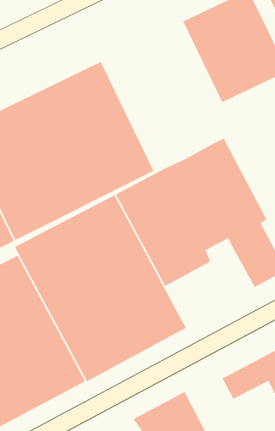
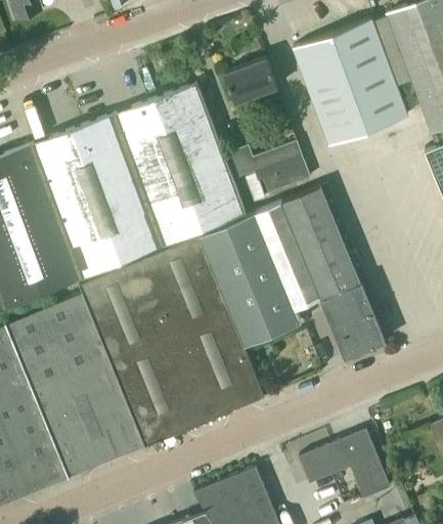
building: none -> [224,59,277,104]
building: none -> [229,142,311,195]

